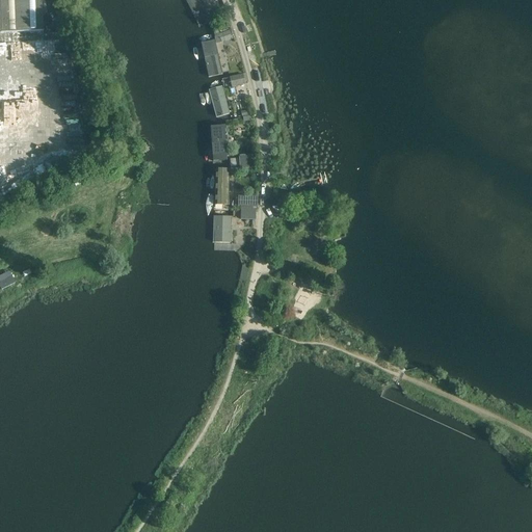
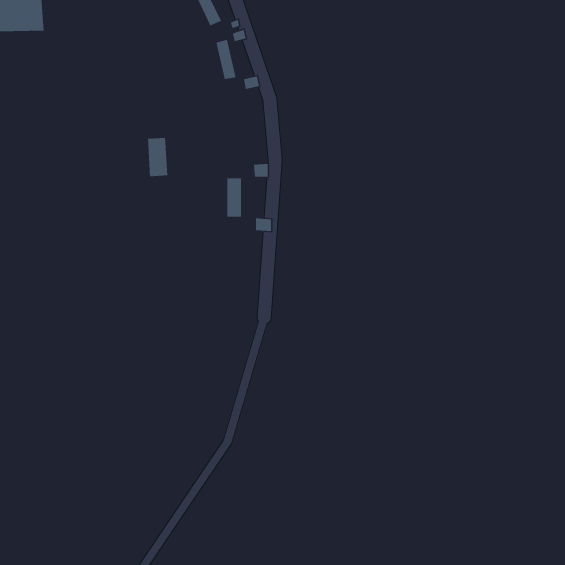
building: [208,82,230,116] -> none
building: [208,123,228,160] -> [147,137,168,177]
building: [210,213,230,241] -> none

